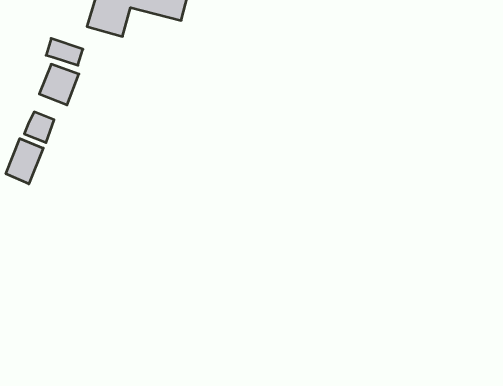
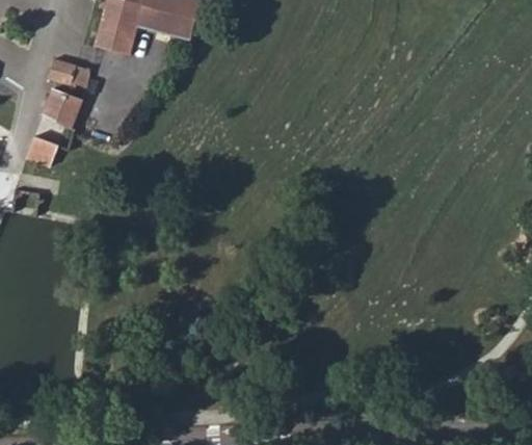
building: [6,139,43,184] -> none

